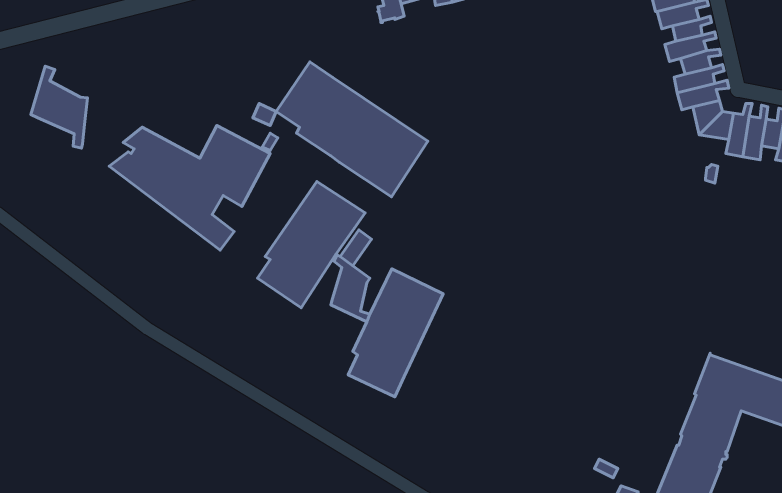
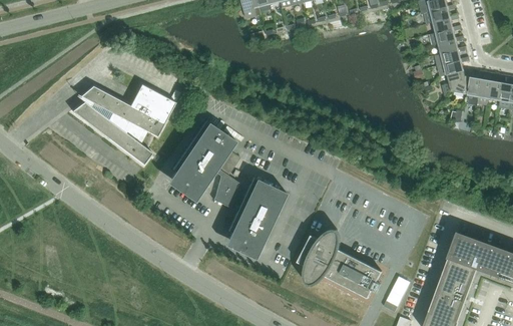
building: [276,62,428,197] -> none
building: [31,66,87,148] -> none
building: none -> [298,229,383,297]

